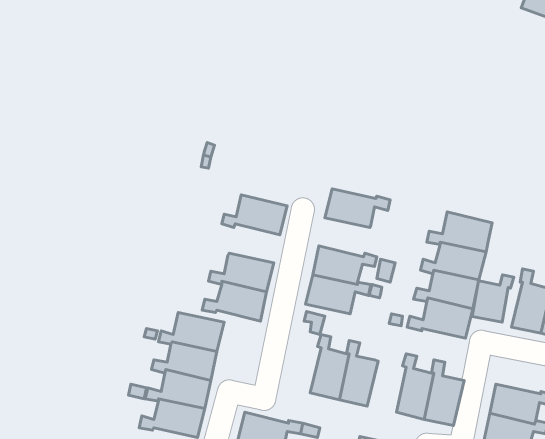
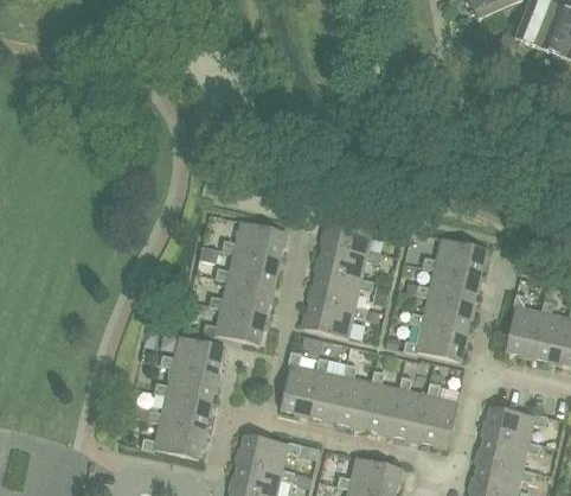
building: none -> [316,243,380,281]
building: none -> [214,249,278,287]
building: [472,275,514,322] -> none
building: none -> [280,351,319,414]
building: none -> [364,370,402,433]

